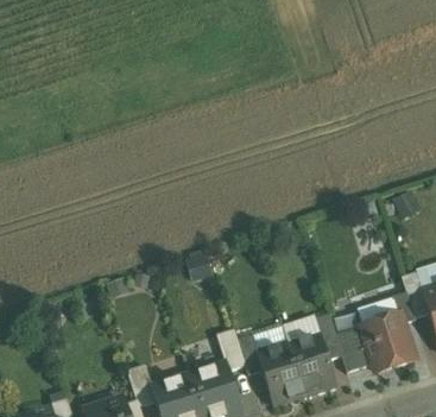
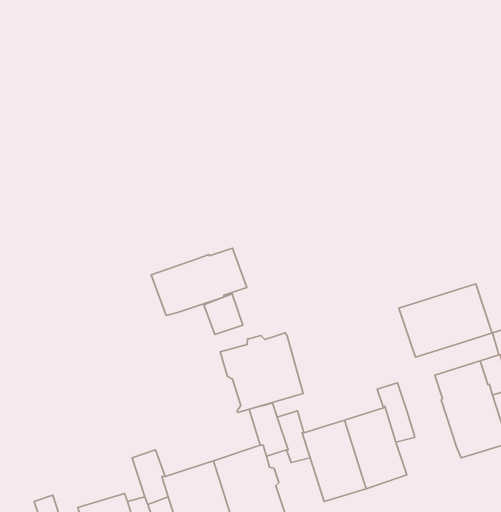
building: none -> [151,248,247,315]
building: none -> [399,284,493,357]
building: none -> [220,333,303,413]
building: [336,328,374,373] -> none

